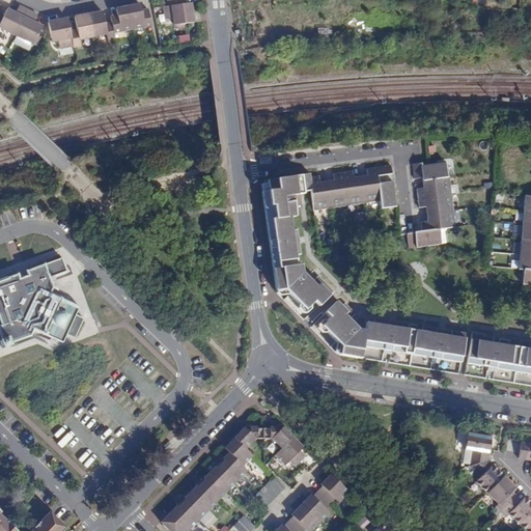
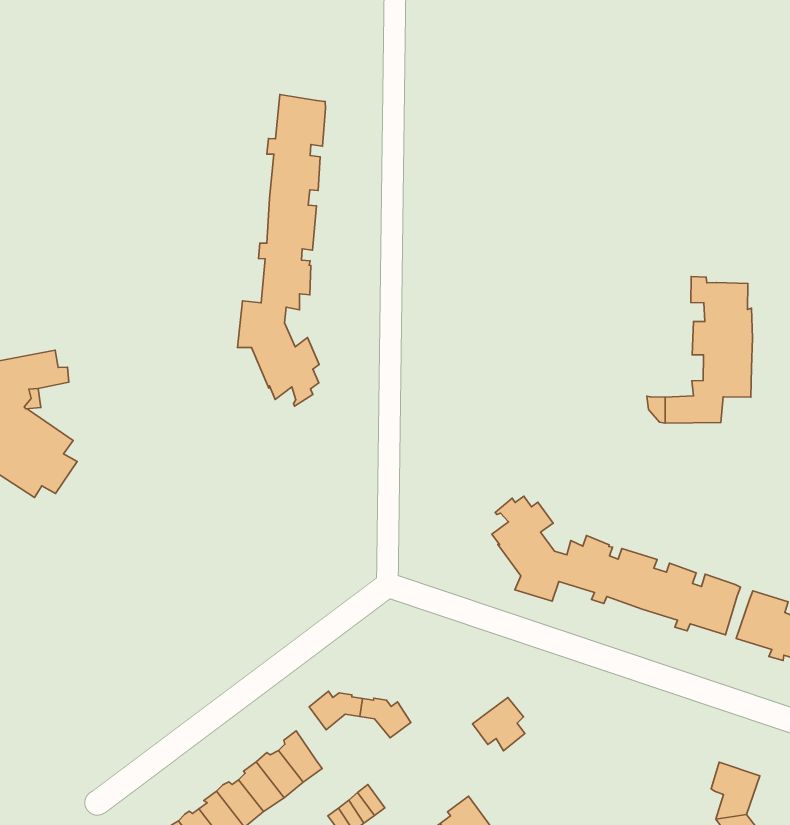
building: none -> [238,95,325,406]
building: [262,165,395,307] -> none
building: [225,436,254,465] -> none
building: [276,436,306,466] -> [472,698,525,751]

